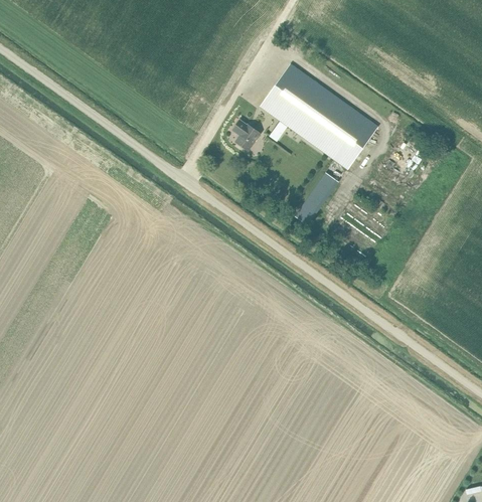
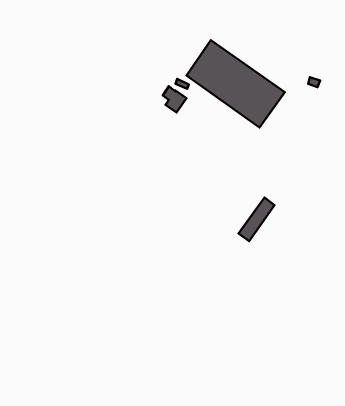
building: [295,172,338,224] -> [238,197,274,241]

